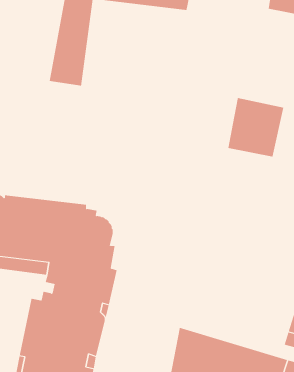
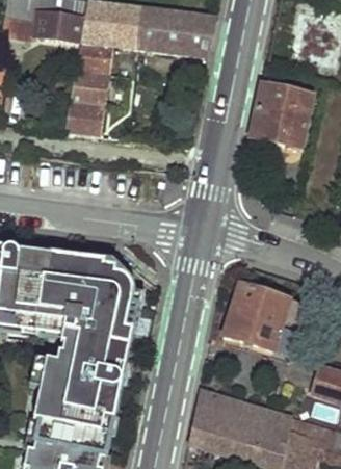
building: [227,98,284,157] -> [253,84,312,147]
building: none -> [227,285,309,355]

